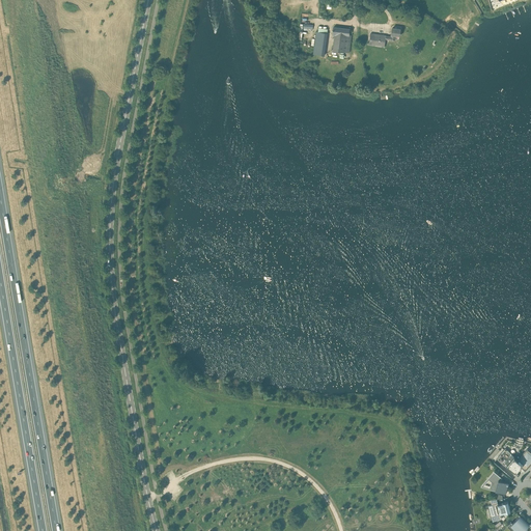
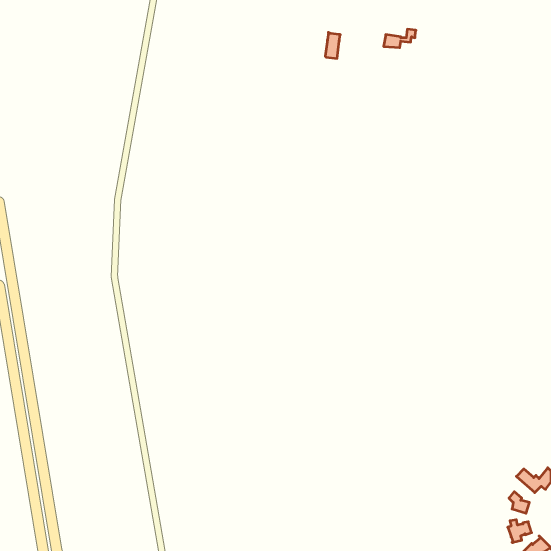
building: [332,28,351,53] -> none

